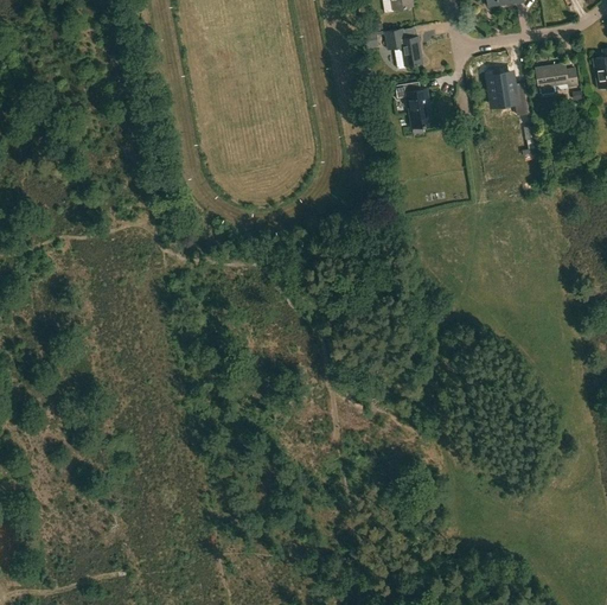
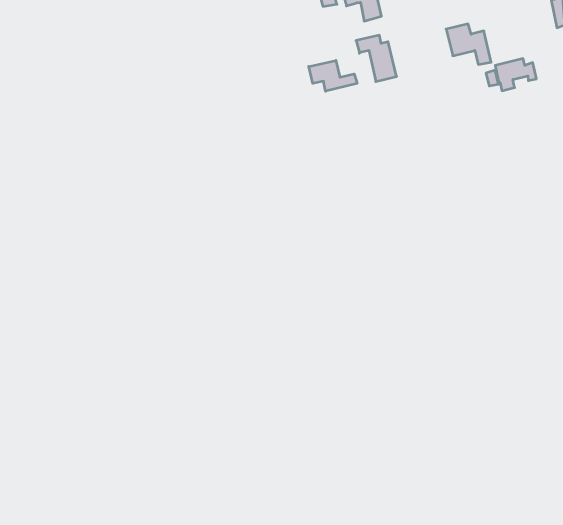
building: [536,63,576,94] -> [495,59,536,91]
building: none -> [309,60,357,91]

